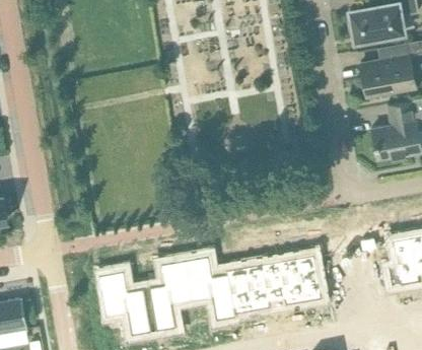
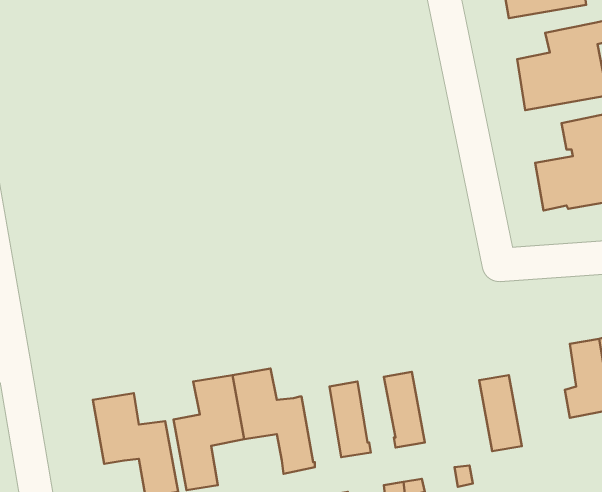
building: [295,257,322,303] -> [479,375,522,451]
building: [262,263,285,303] -> none
building: [226,269,252,316] -> none

